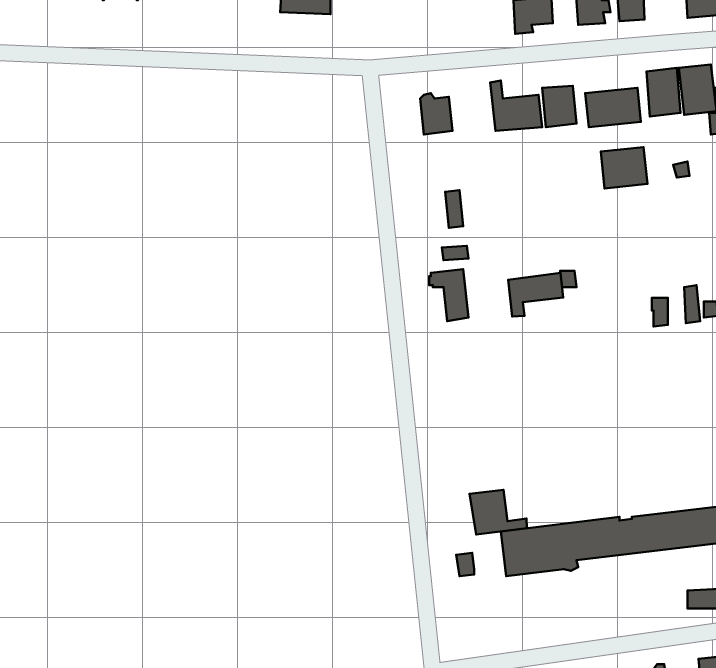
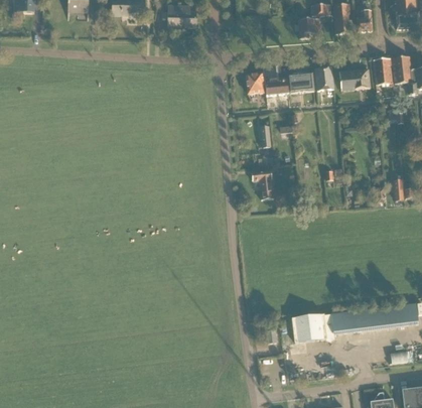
building: none -> [264,65,288,96]
building: [601,147,647,188] -> none
building: [508,273,563,317] -> none
building: [470,490,527,534] -> none

